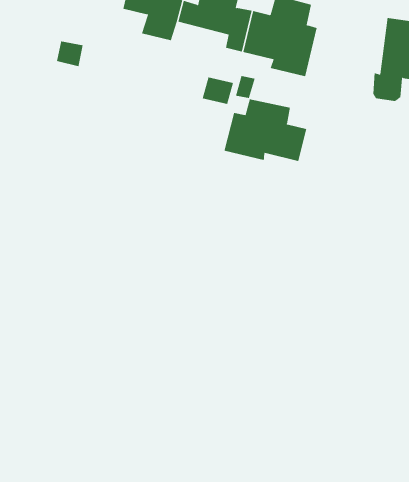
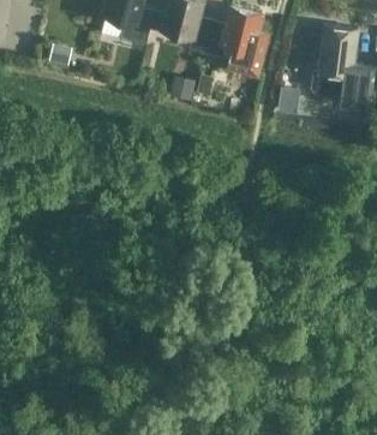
building: [224,99,307,162] -> none

